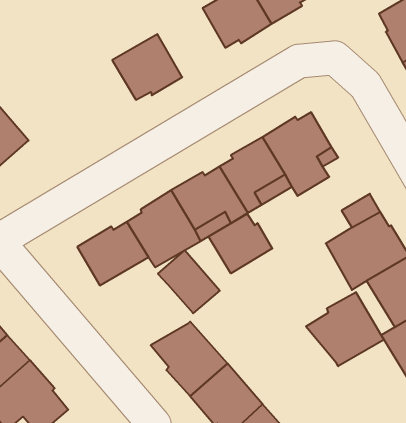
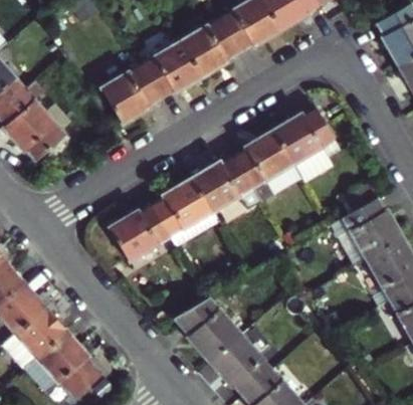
building: none -> [179,16,239,77]
building: none -> [98,62,160,126]
building: [209,214,272,273] -> none
building: [158,250,220,313] -> none
building: [306,292,384,366] -> none

